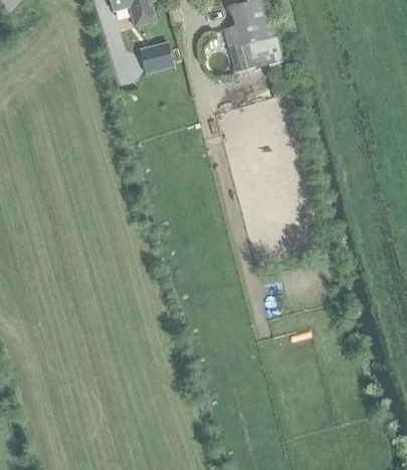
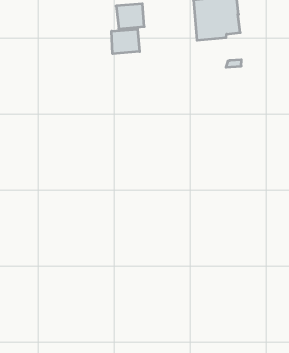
building: none -> [112,29,140,54]

